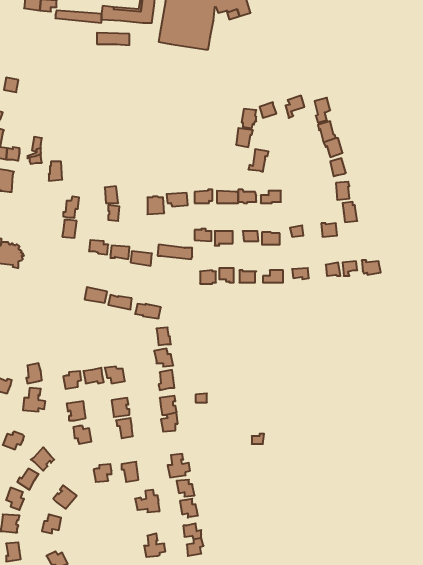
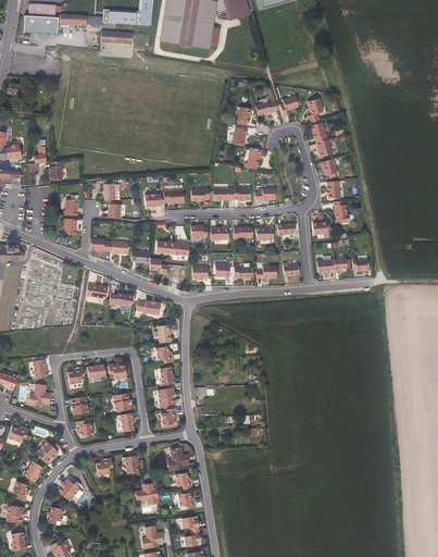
building: none -> [22,15,58,35]

